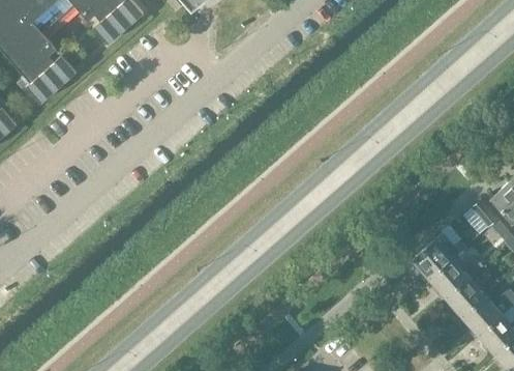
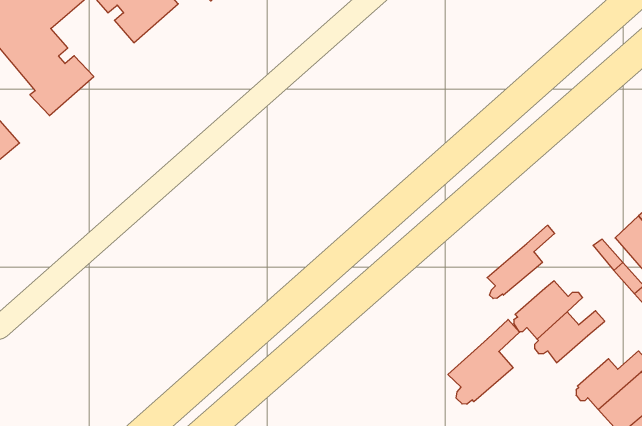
building: none -> [487,225,555,299]
building: none -> [448,319,520,404]
building: [446,277,487,317] -> none

